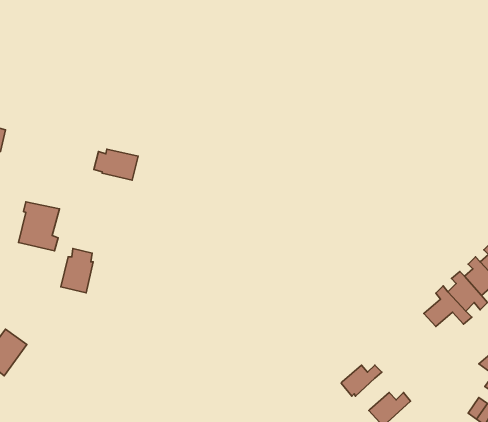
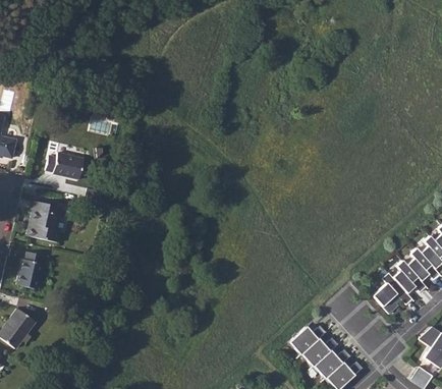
building: [94,149,138,180] -> [47,153,85,179]
building: [61,249,93,293] -> [17,252,45,289]
building: none -> [289,327,325,353]
building: none -> [314,350,348,377]

